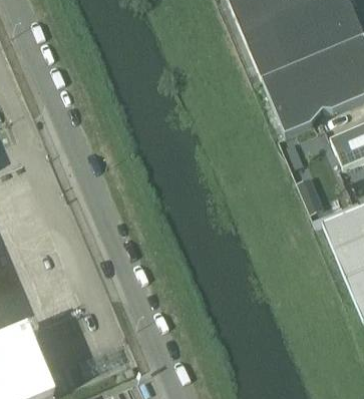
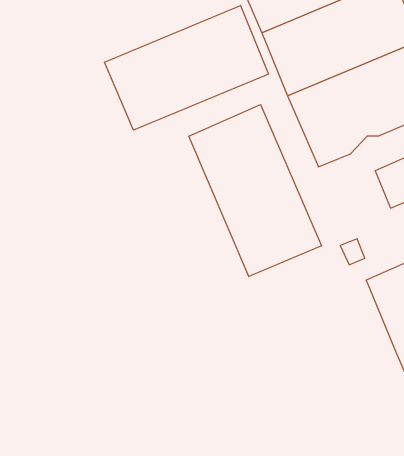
building: none -> [105,5,269,130]
building: none -> [189,105,321,277]

